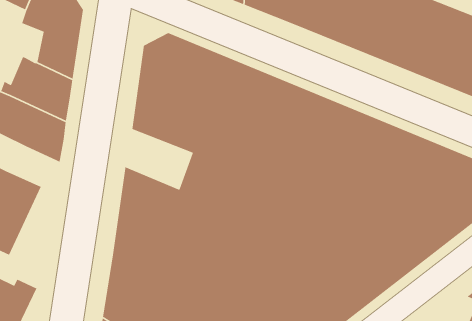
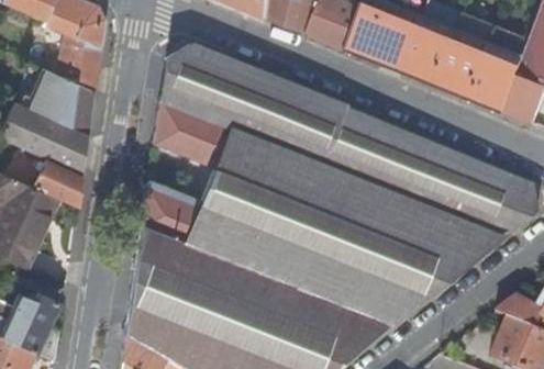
building: none -> [27,160,82,208]

